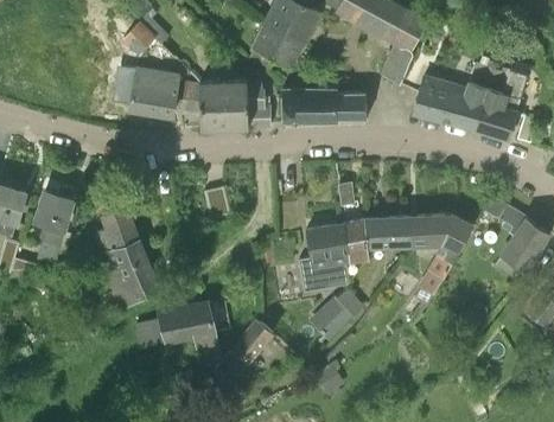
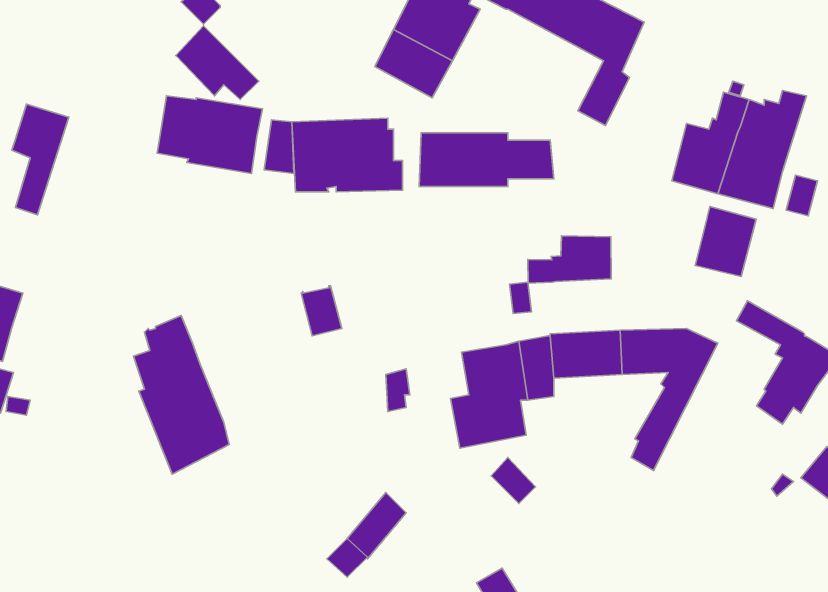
building: [413,75,452,120] -> [695,206,756,276]
building: none -> [528,236,611,283]
building: [36,191,72,262] -> [12,104,69,215]
building: [136,301,221,372] -> none

